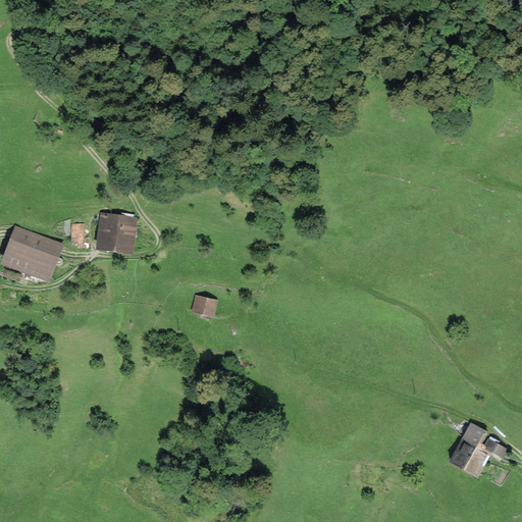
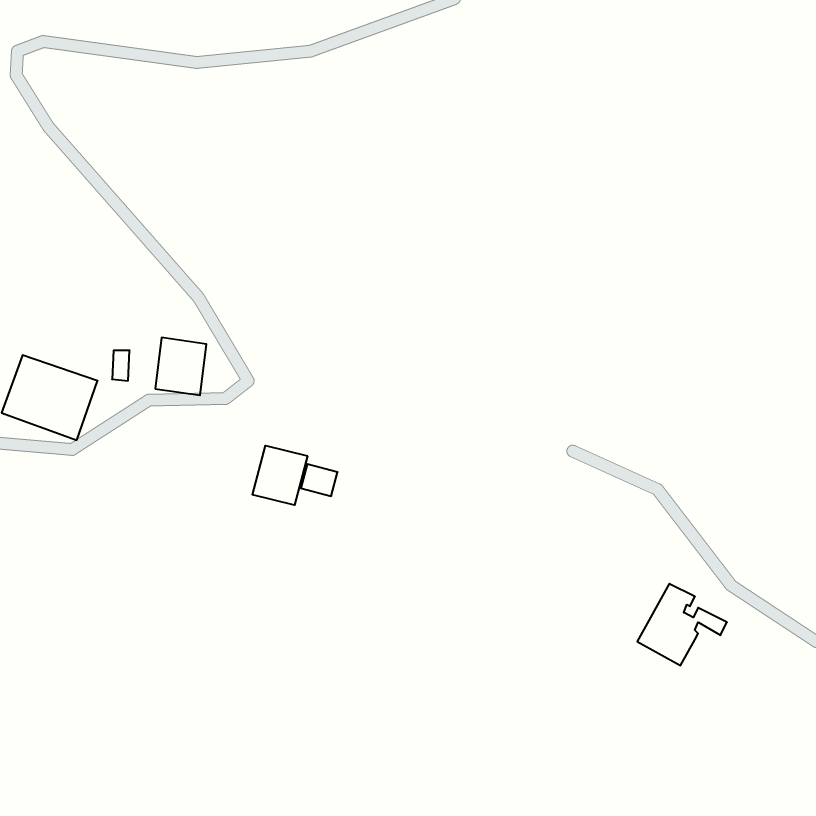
building: none -> [252,446,307,505]
building: [449,424,506,476] -> [637,584,727,665]

